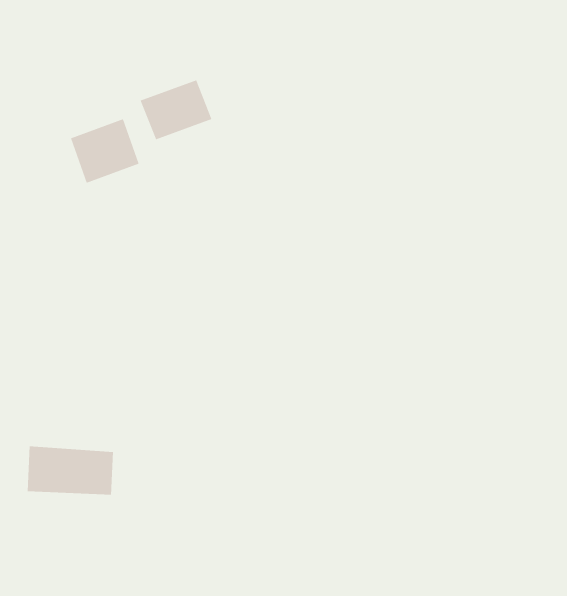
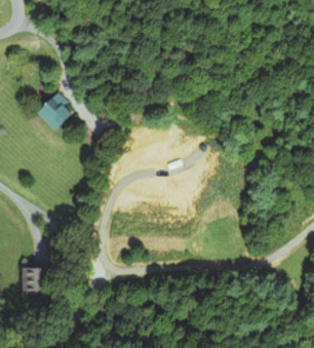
building: [140,79,212,140] -> none

